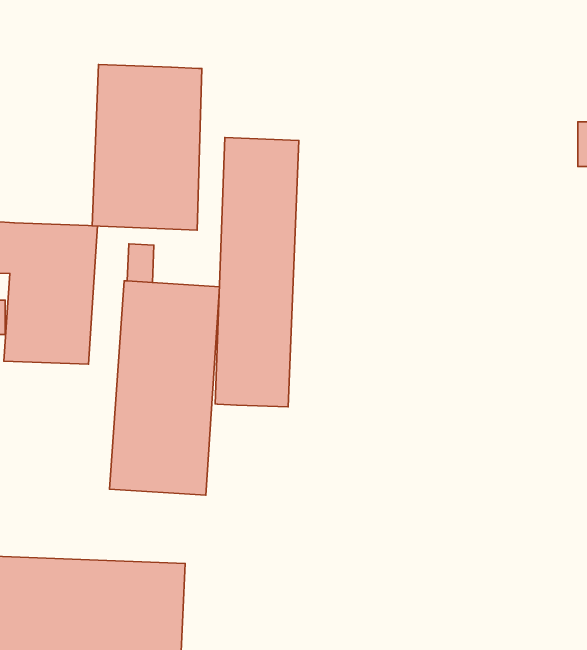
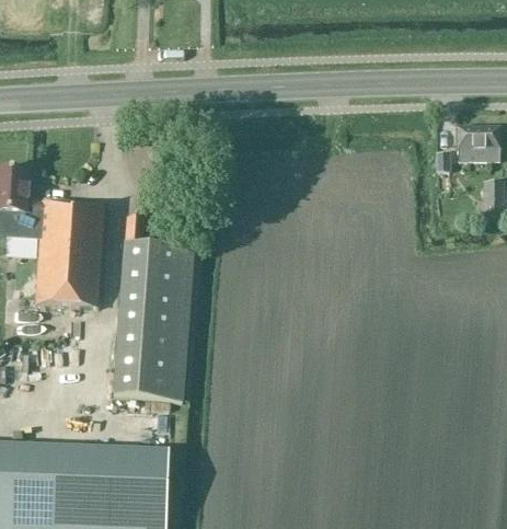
building: [92,64,202,230] -> none
building: [215,137,299,407] -> none

